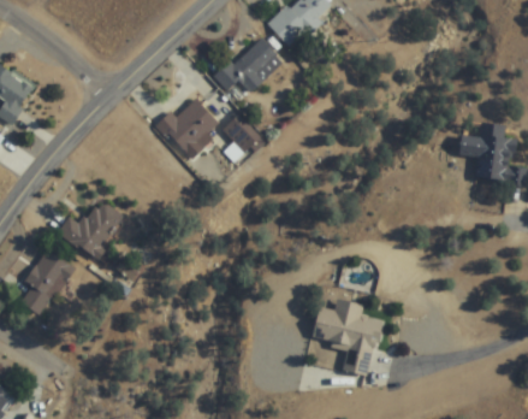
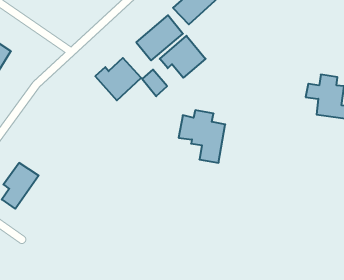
building: none -> [160,36,206,78]
building: [58,199,124,258] -> none
building: [313,300,380,376] -> [179,110,225,163]

